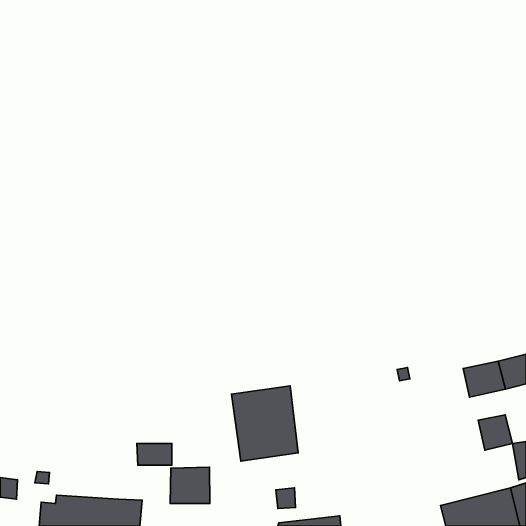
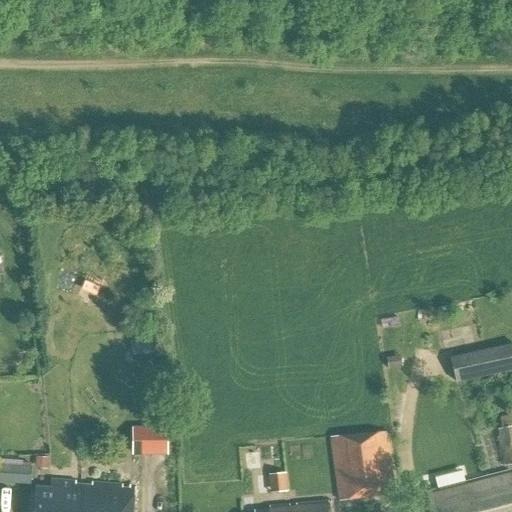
building: [231,386,298,461] -> [330,430,395,503]
building: [478,415,513,450] -> none
building: [170,467,210,504] -> none

